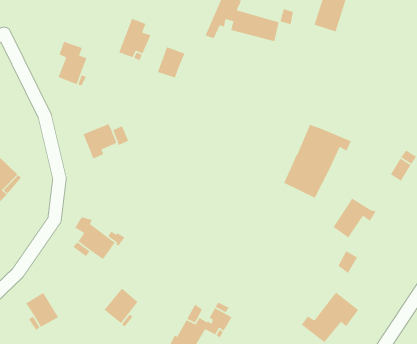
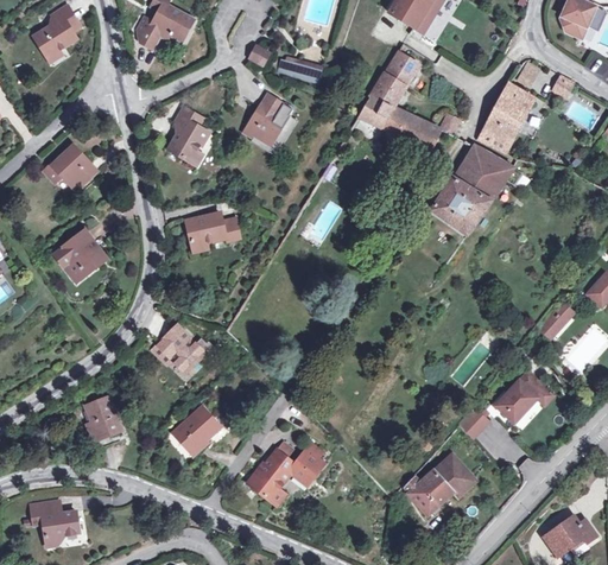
building: [157,46,185,79] -> none
building: [283,124,352,199] -> [431,145,520,234]
building: [332,197,376,239] -> [496,374,551,421]

